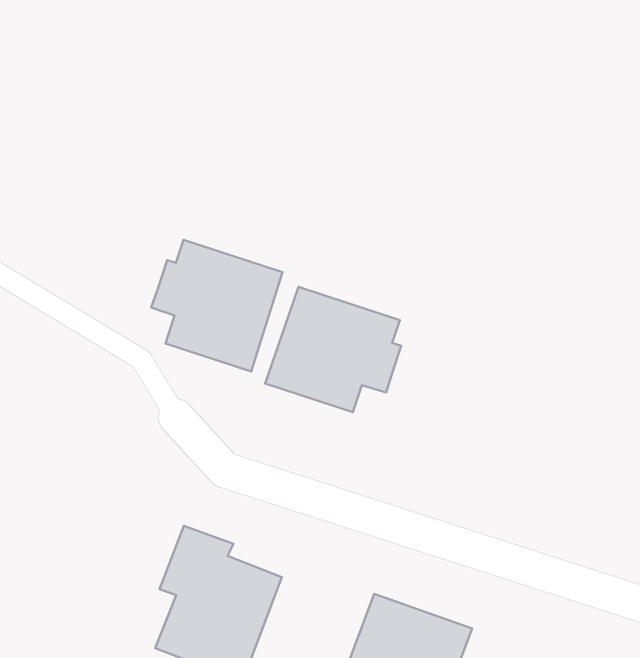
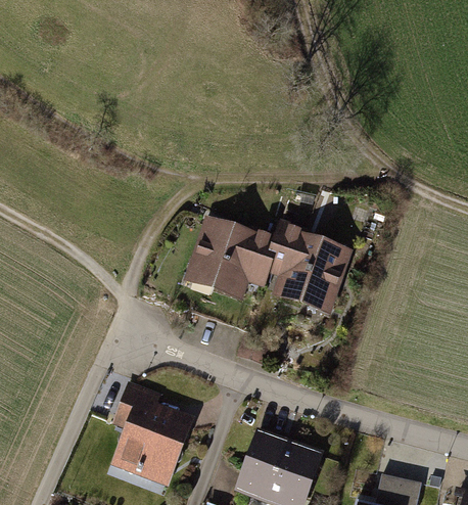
building: [151,240,282,372] -> none
building: none -> [269,220,353,317]

